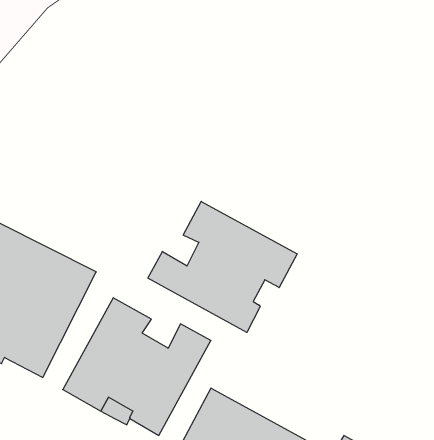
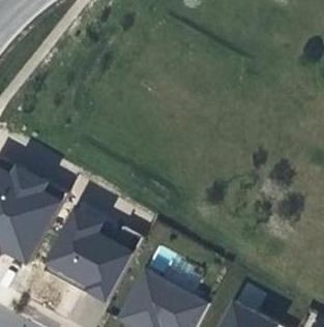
building: [148,201,297,332] -> none

